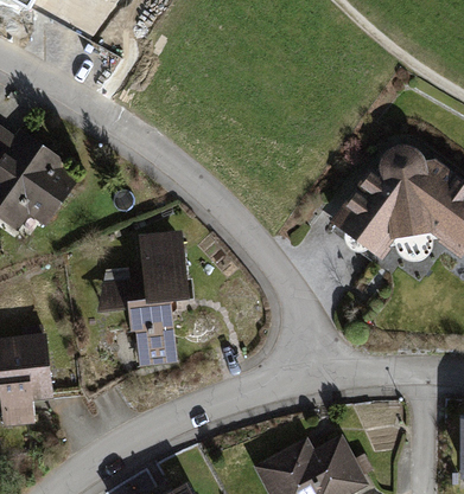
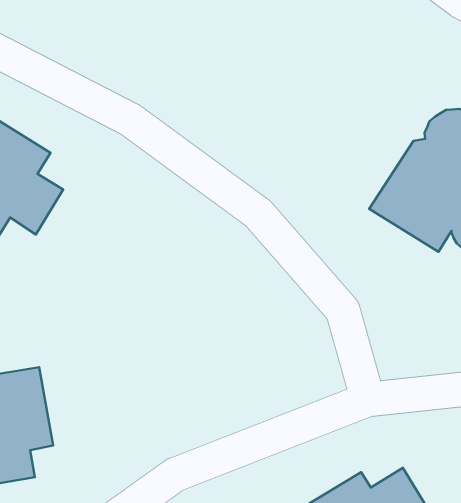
building: [98,231,193,367] -> none

